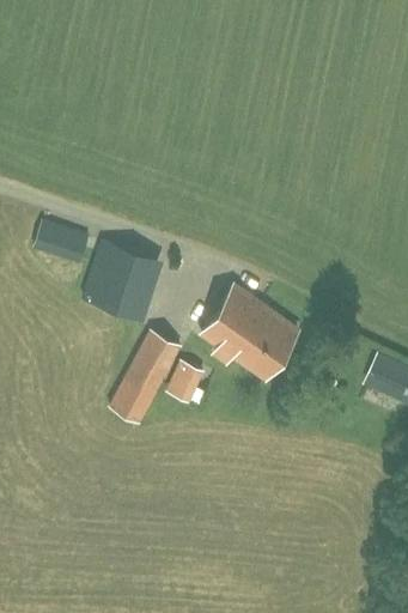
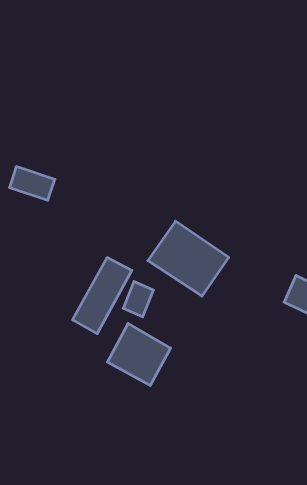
building: [84,242,147,314] -> none
building: none -> [107,323,171,386]

